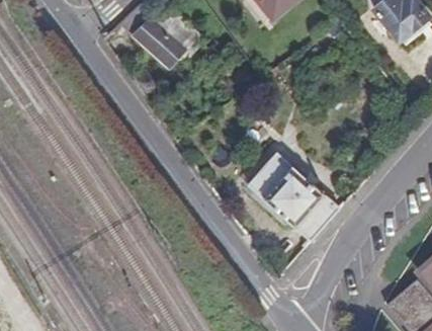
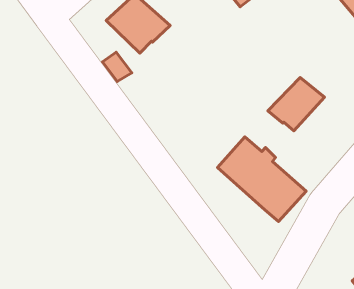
building: none -> [268,78,324,131]

